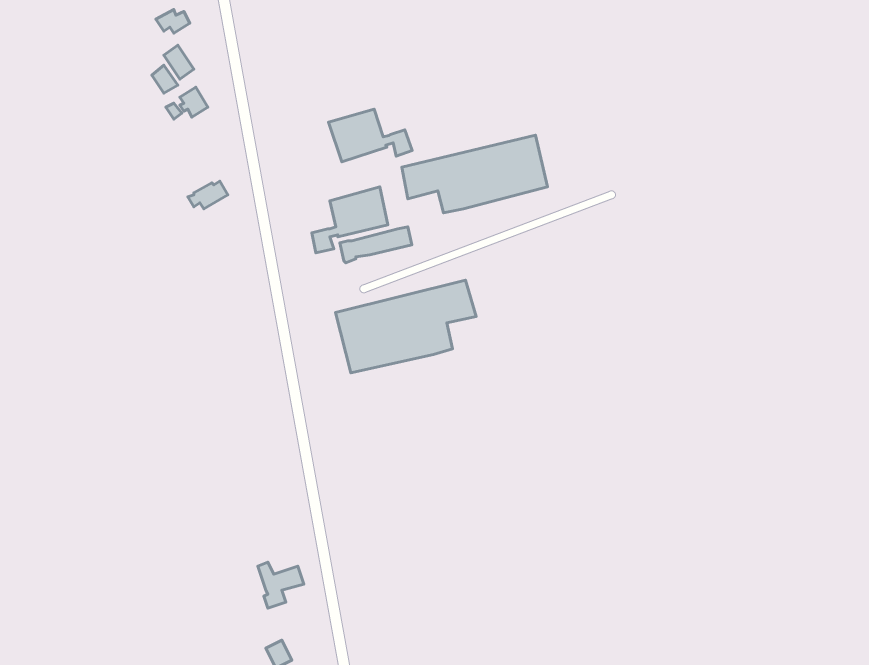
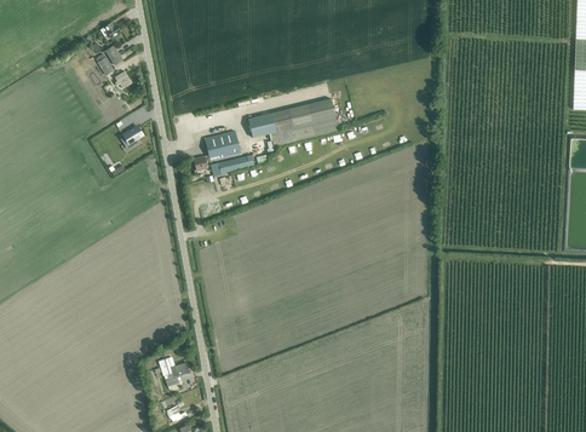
building: [328,109,412,162] -> none
building: [335,280,476,373] -> none

